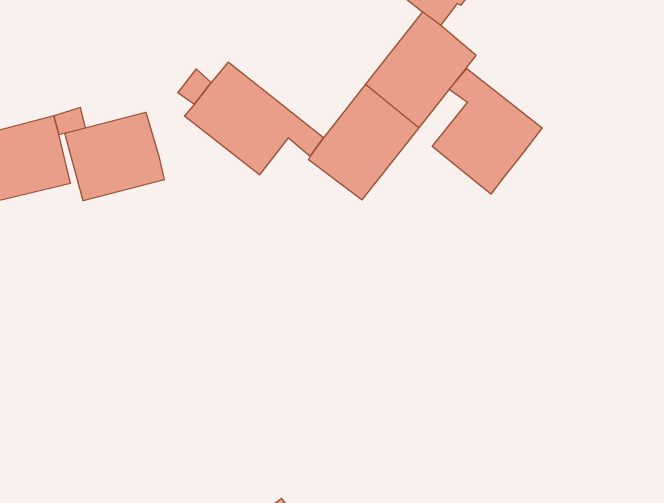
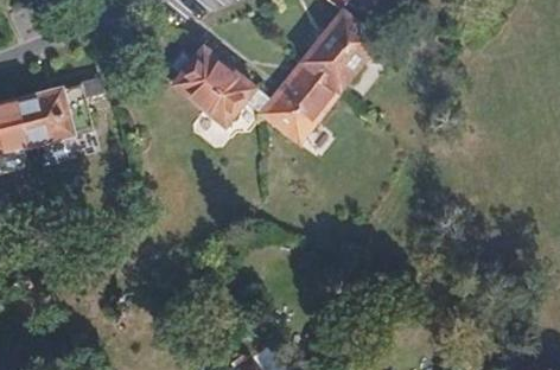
building: [432,68,542,194] -> none
building: [65,112,164,201] -> none

